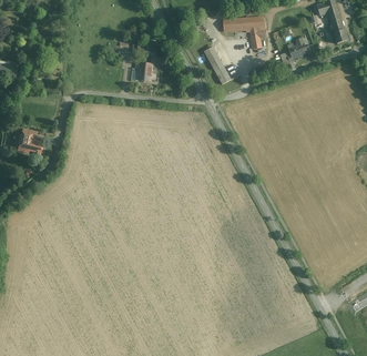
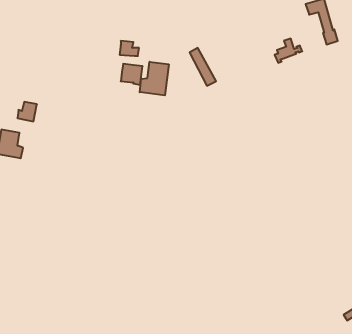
building: [223,16,263,48] -> none
building: none -> [140,62,169,95]

